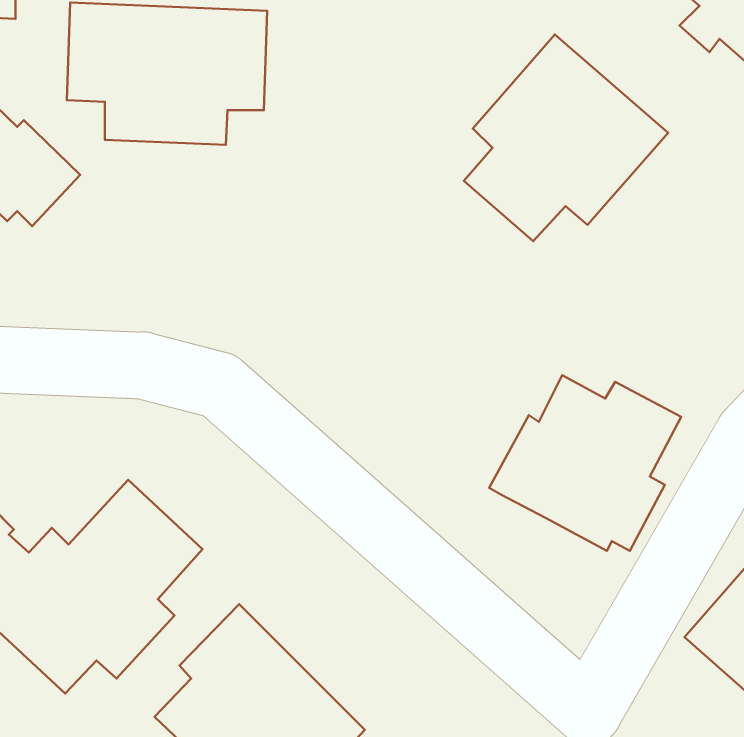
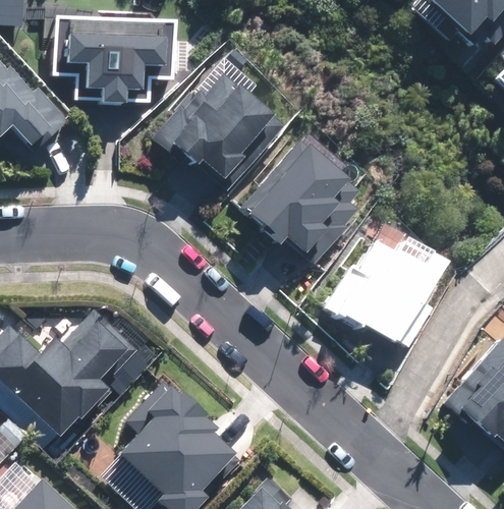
building: [464,35,668,241] -> none
building: none -> [148,72,282,190]
building: none -> [234,143,359,268]

